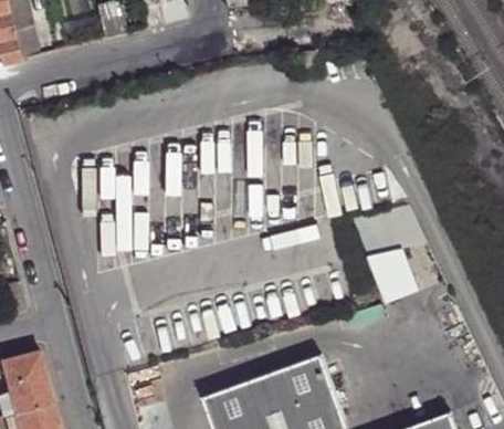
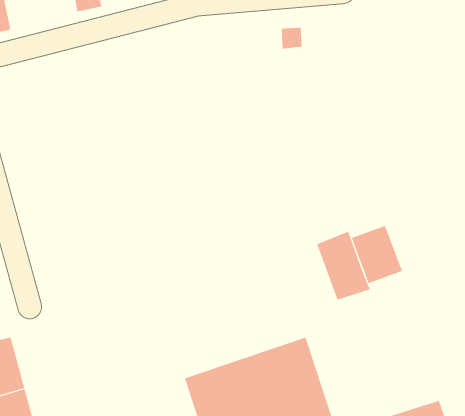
building: none -> [316,231,371,300]

